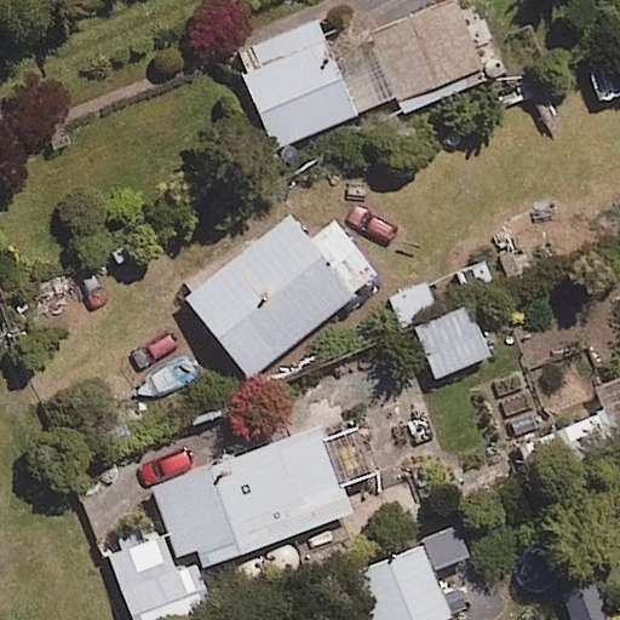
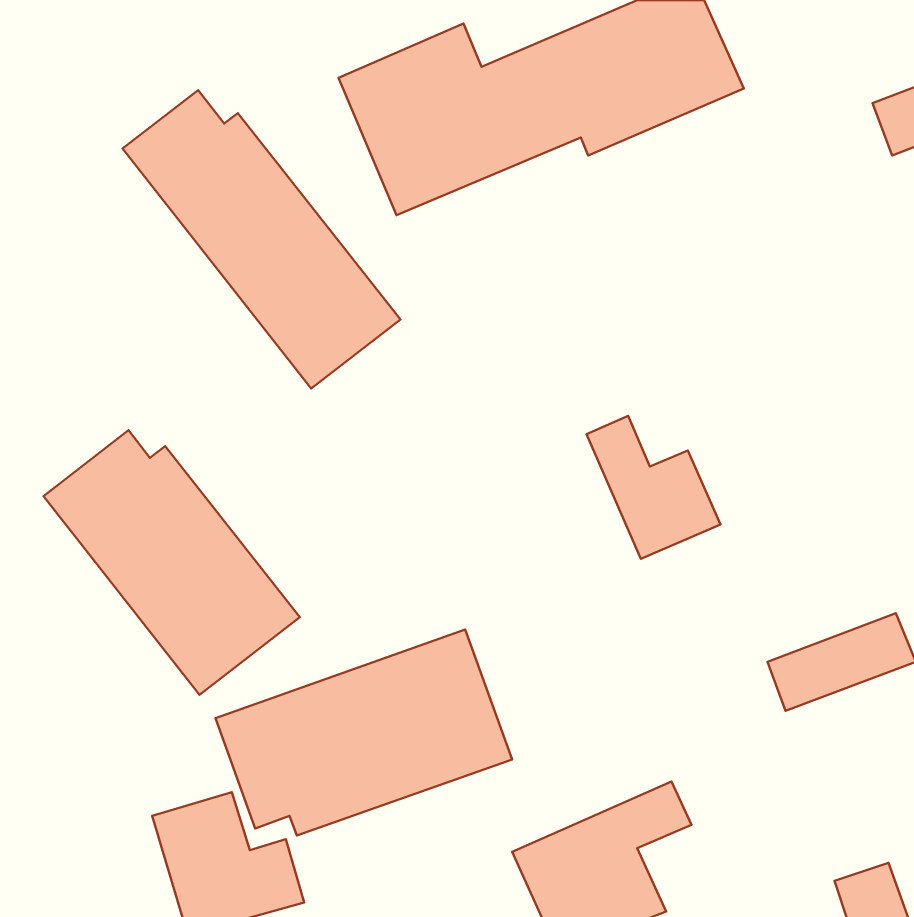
building: none -> [123,90,400,389]
building: [185,217,378,379] -> none
building: none -> [44,430,300,695]

